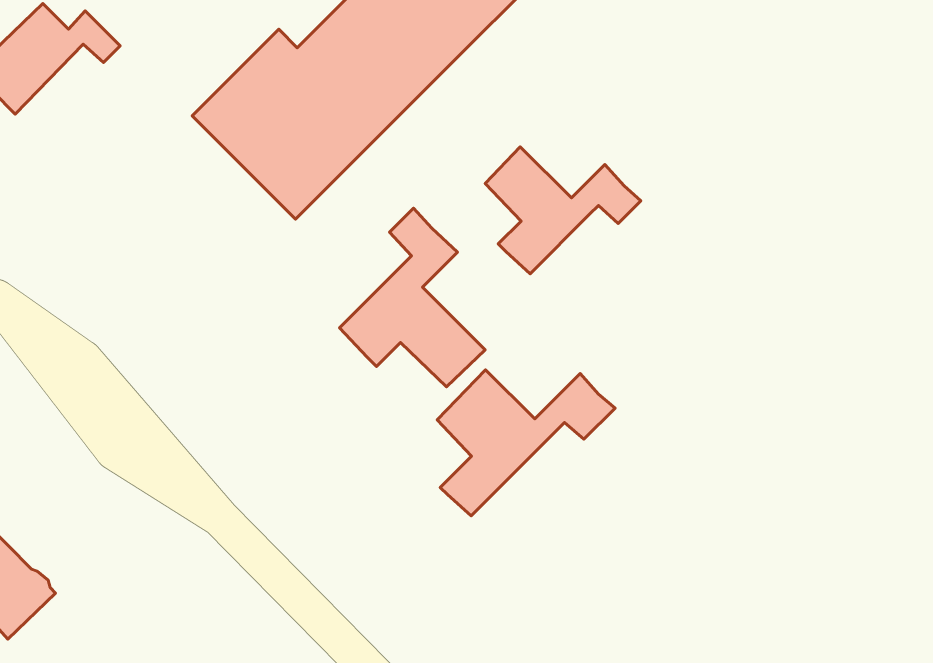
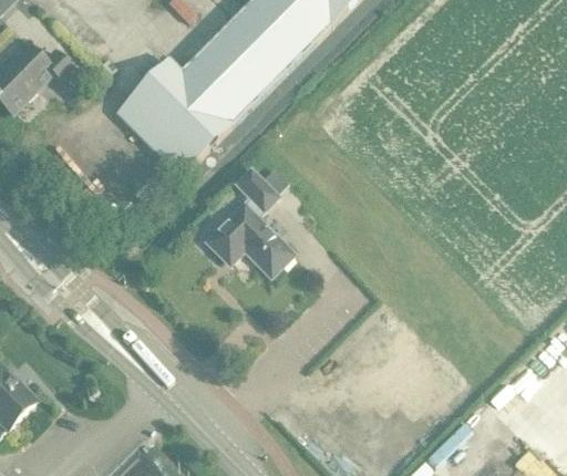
building: [485,147,641,274] -> none
building: [437,370,615,516] -> none

